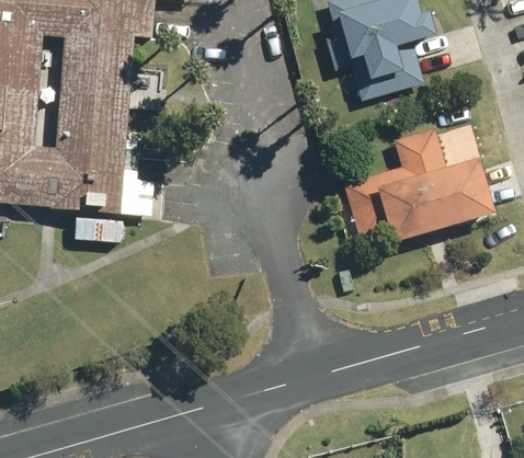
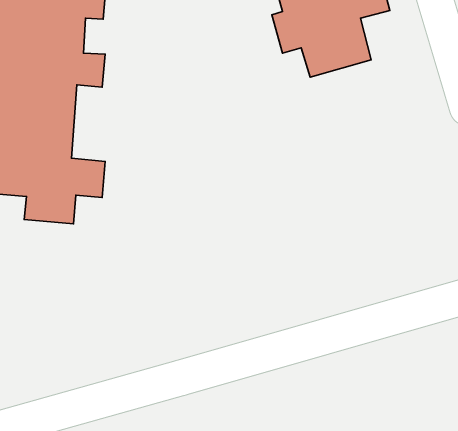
building: [341,127,499,243] -> none

